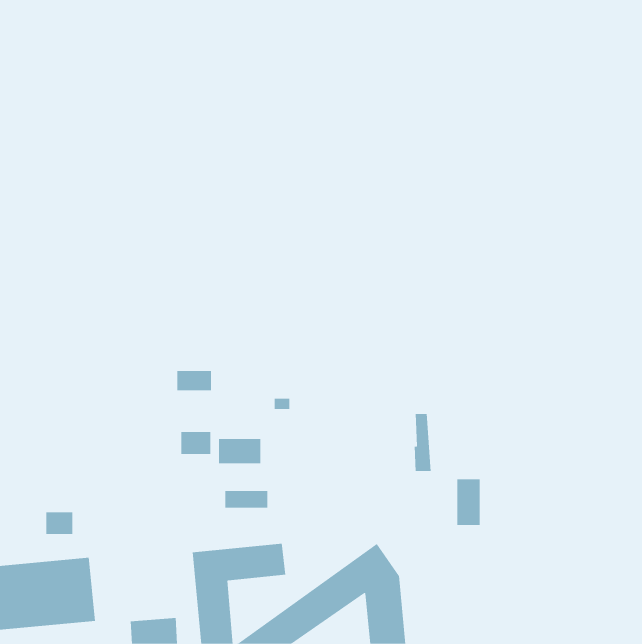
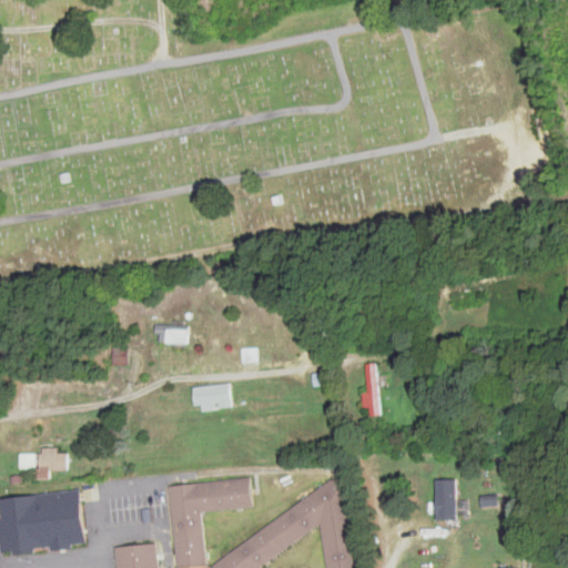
building: [181,431,211,455] -> none
building: [457,479,481,526] -> [434,479,455,520]
building: [225,490,268,509] -> none

